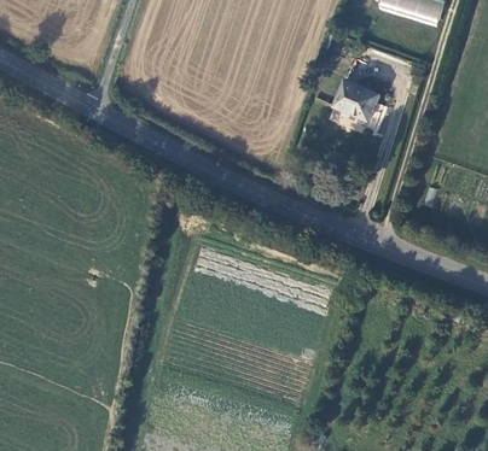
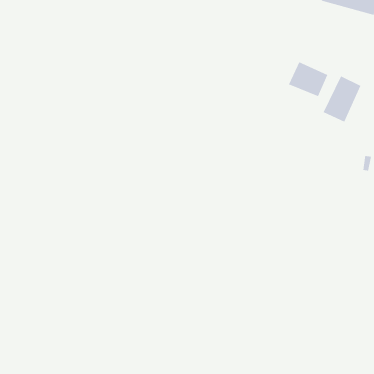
building: none -> [323,76,361,122]

